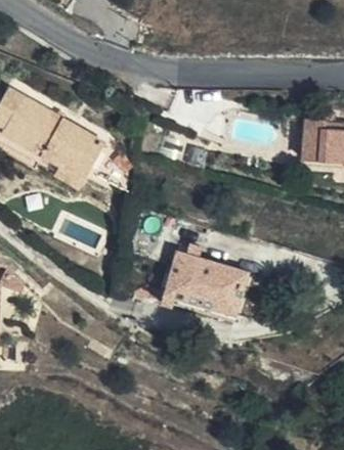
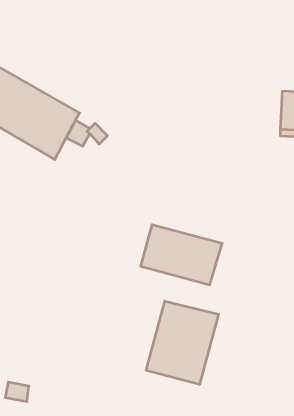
building: none -> [146,301,219,385]

